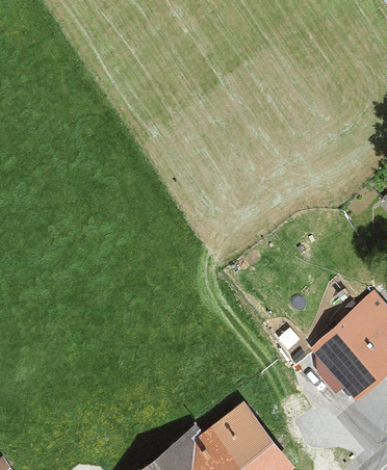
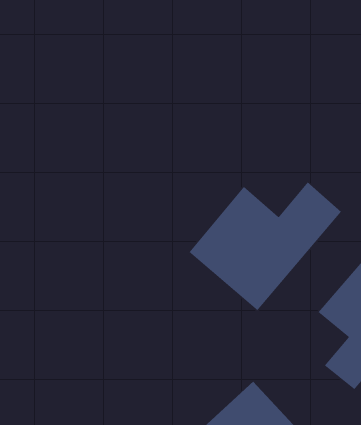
building: none -> [189,182,342,311]

